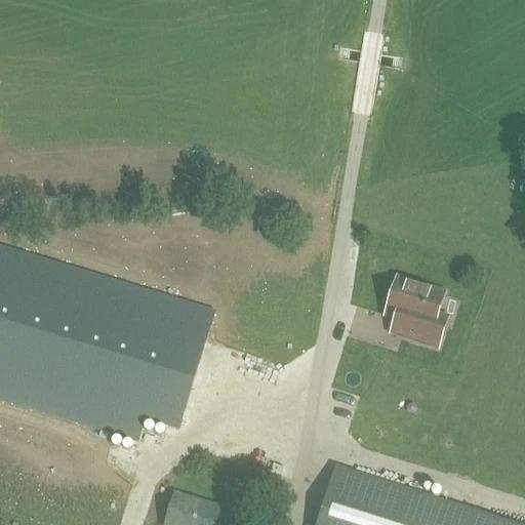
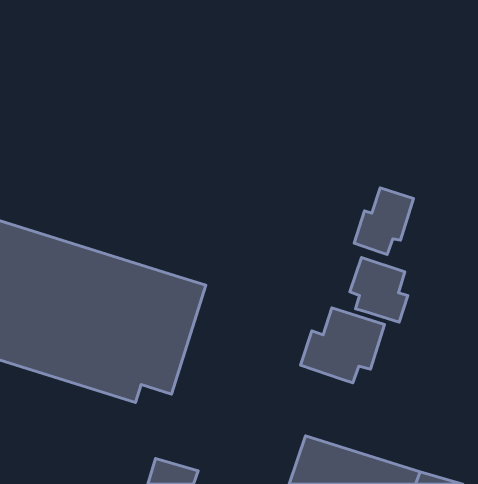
building: none -> [354,188,414,255]
building: none -> [301,308,384,383]

